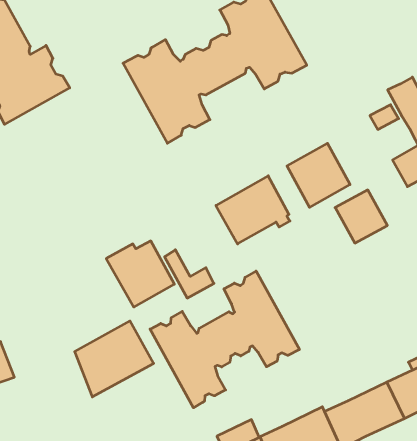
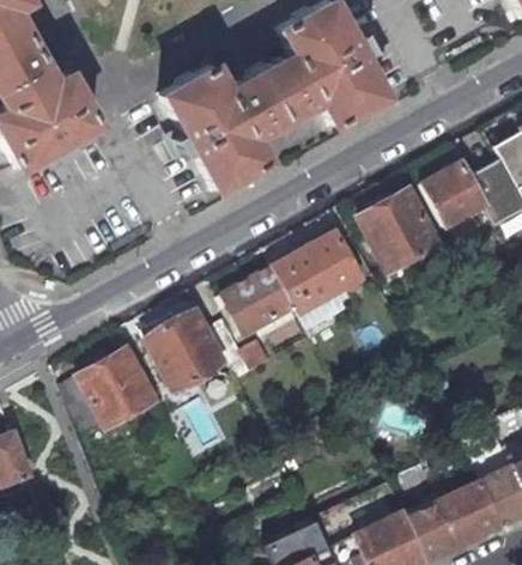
building: [335,190,387,243] -> [424,162,487,226]
building: none -> [226,266,298,333]
building: [150,271,299,408] -> none
building: [75,321,154,397] -> [61,348,157,441]

